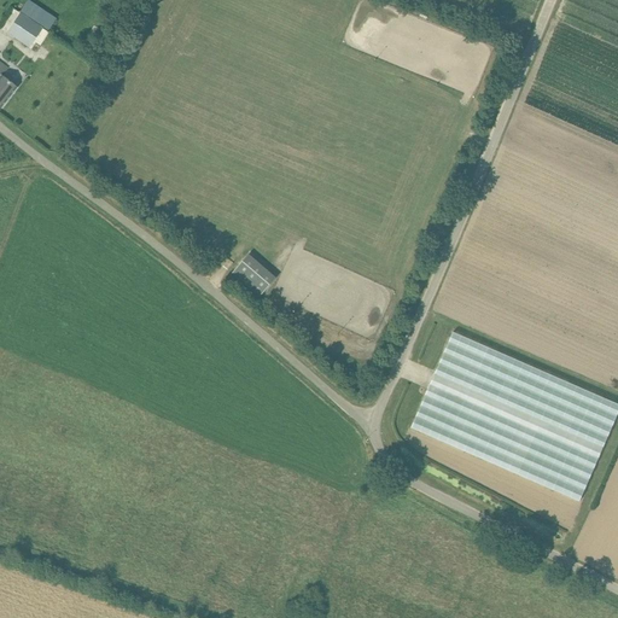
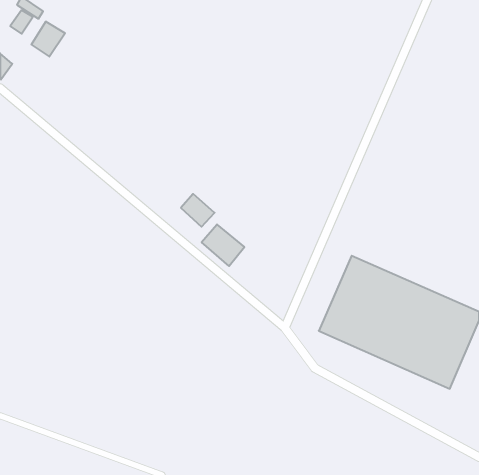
building: none -> [31,21,65,57]
building: none -> [202,224,244,266]

